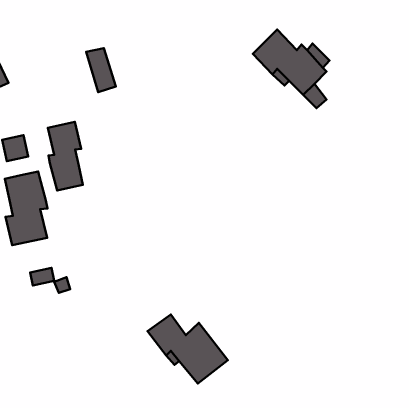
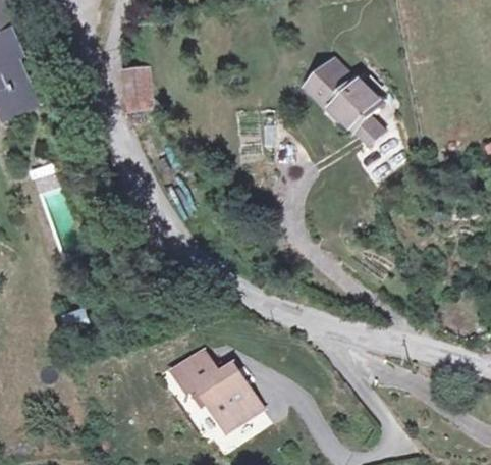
building: [48,122,83,191] -> none
building: [5,171,48,245] -> none

